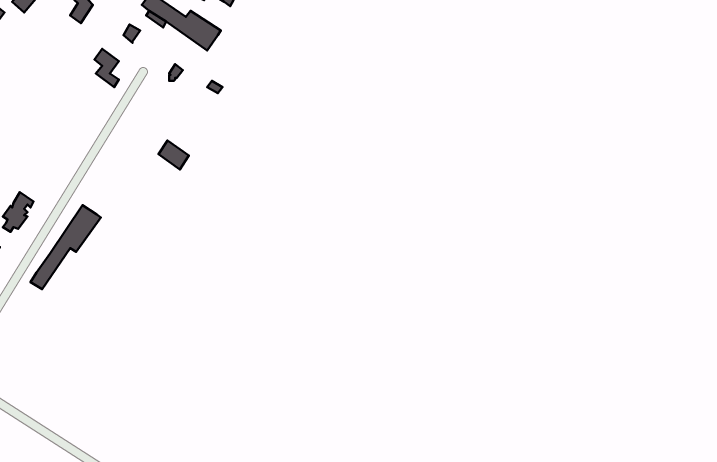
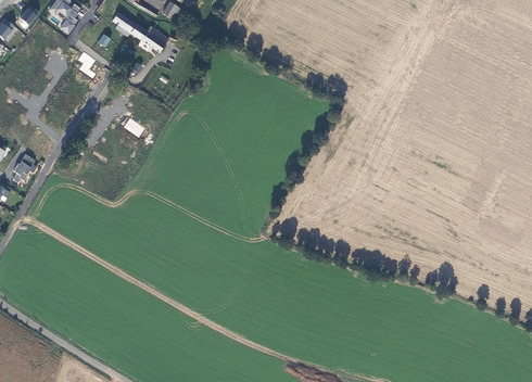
building: [30,205,101,289] -> none

